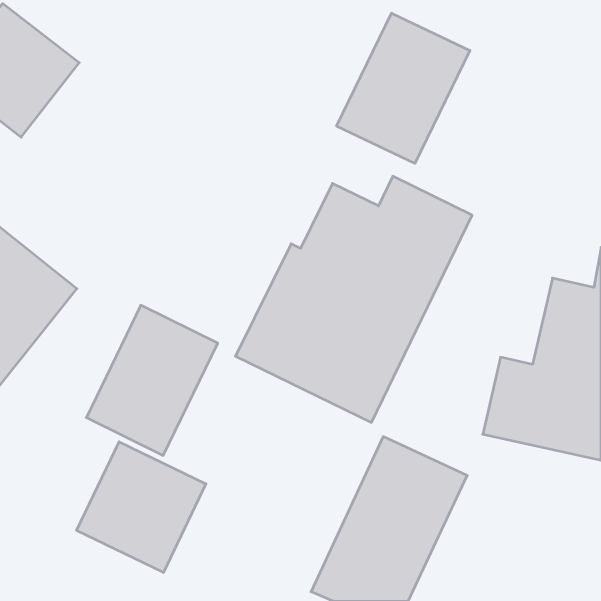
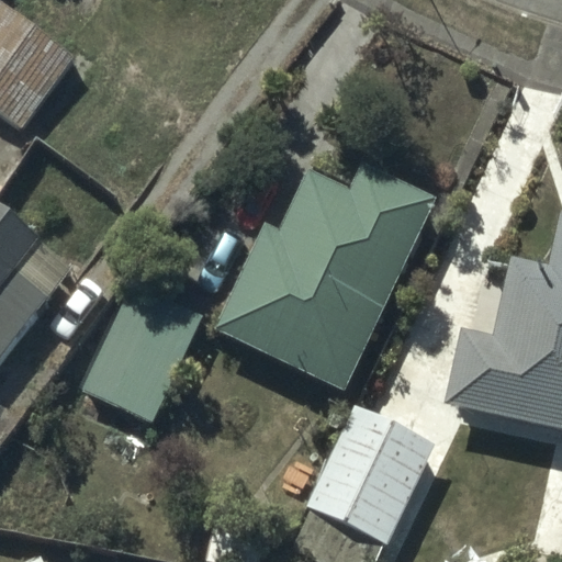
building: [337,13,470,163] -> none
building: [77,442,206,573] -> none

